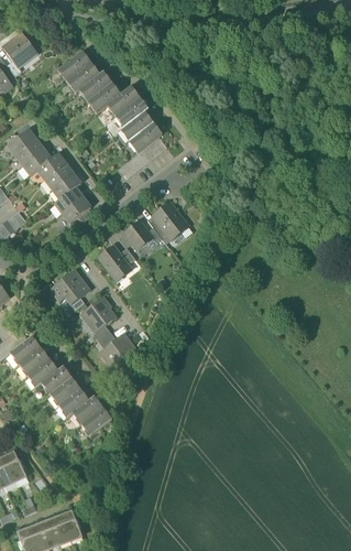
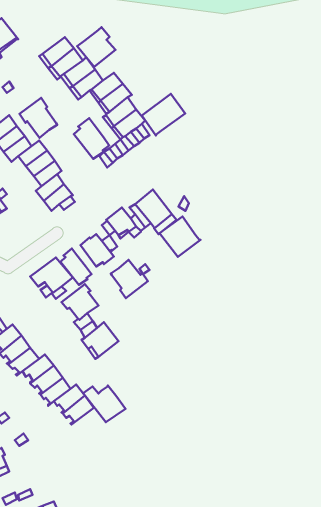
building: none -> [77,27,116,67]
building: none -> [142,94,185,136]
building: none -> [19,98,57,138]
building: none -> [74,118,109,159]
building: none -> [160,216,200,257]
building: none -> [60,249,91,285]
building: none -> [111,260,148,298]
building: none -> [83,385,125,422]

